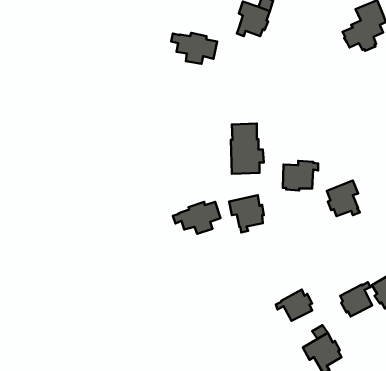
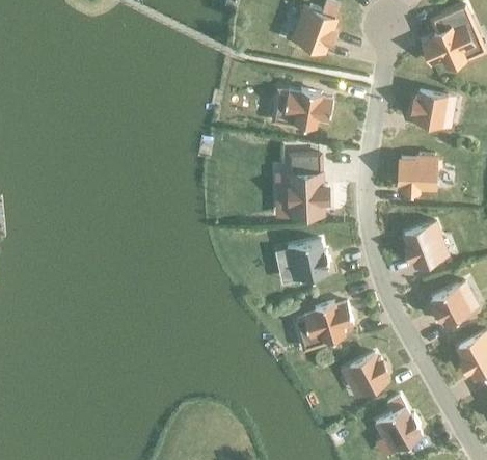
building: [171,33,217,64] -> [276,91,331,129]
building: none -> [411,93,445,131]
building: [283,161,318,190] -> [398,156,440,191]
building: [173,202,220,234] -> [295,304,352,343]
building: [340,282,372,317] -> [430,283,468,325]

